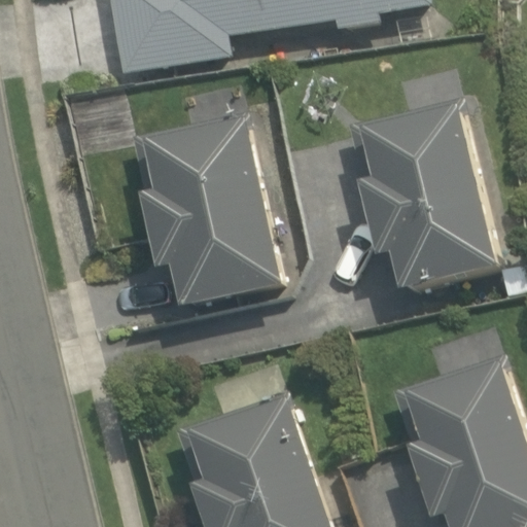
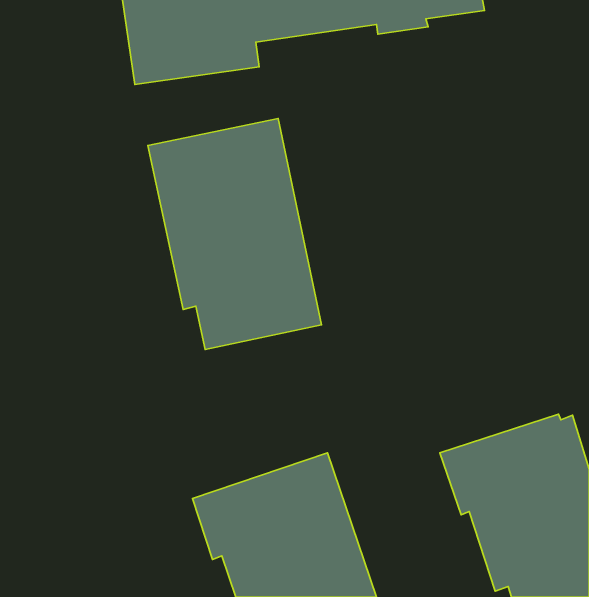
building: [344,86,496,291] -> none

